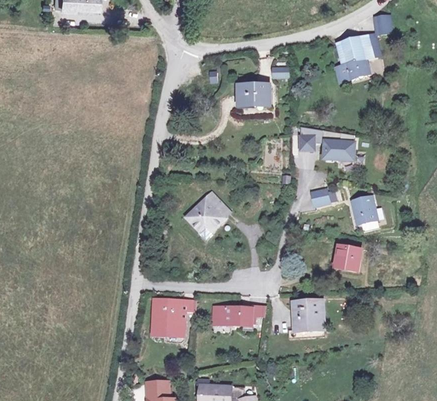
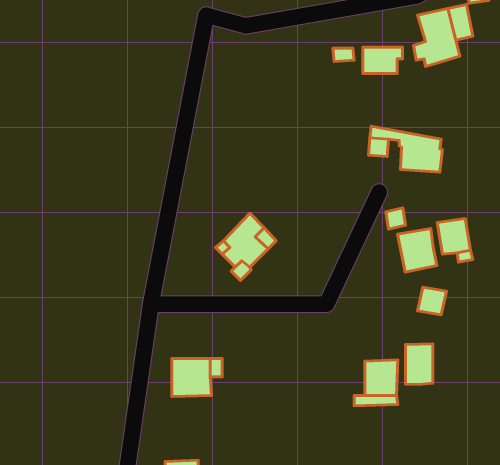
building: [240,84,270,104] -> [363,47,402,73]
building: none -> [398,229,437,272]
building: none -> [406,344,433,385]
building: [209,307,247,323] -> none

